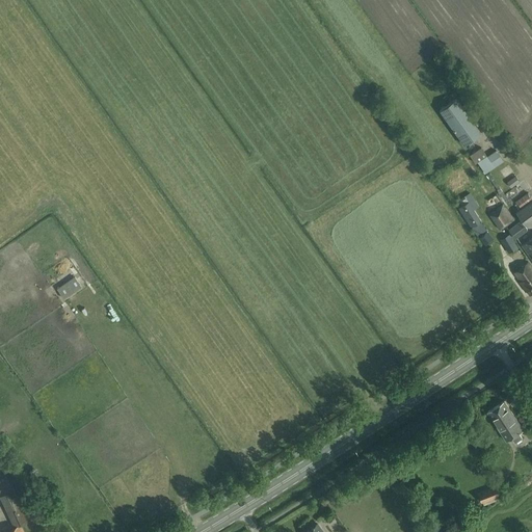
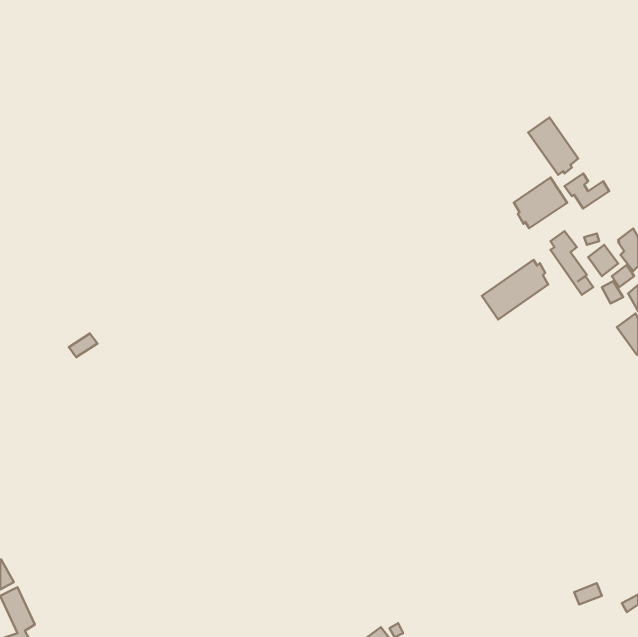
building: none -> [514,178,567,228]
building: none -> [482,260,548,320]
building: [487,402,523,444] -> none

